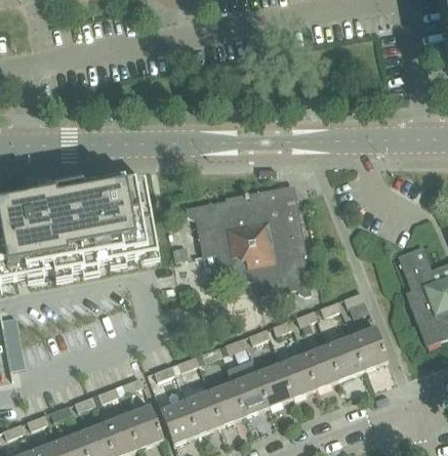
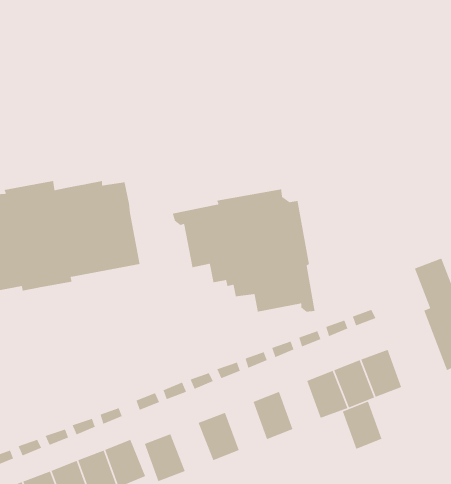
building: [279,354,315,397] -> [342,401,383,450]
building: [232,372,268,415] -> none
building: [184,390,220,433] -> none

